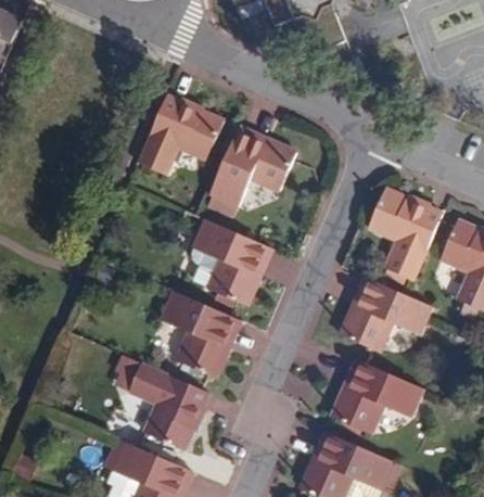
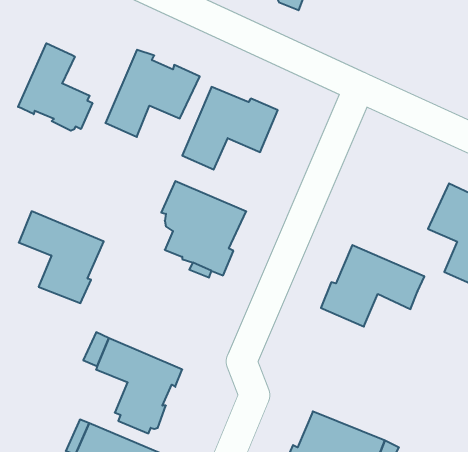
building: none -> [18,43,92,131]
building: [366,189,442,283] -> none
building: [158,291,238,377] -> [19,211,104,303]
building: [333,358,430,434] -> none

